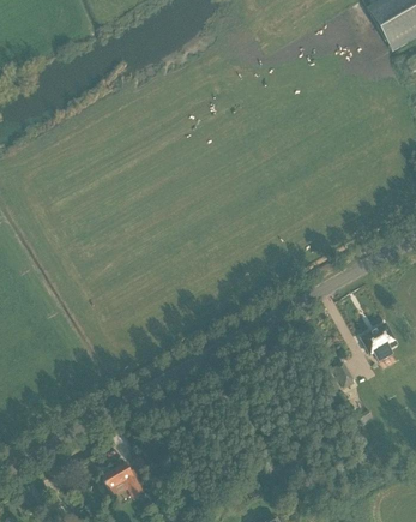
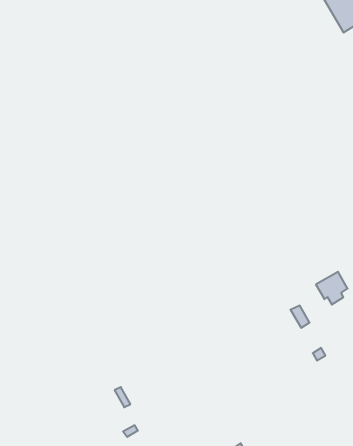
building: [102,463,147,500] -> none

